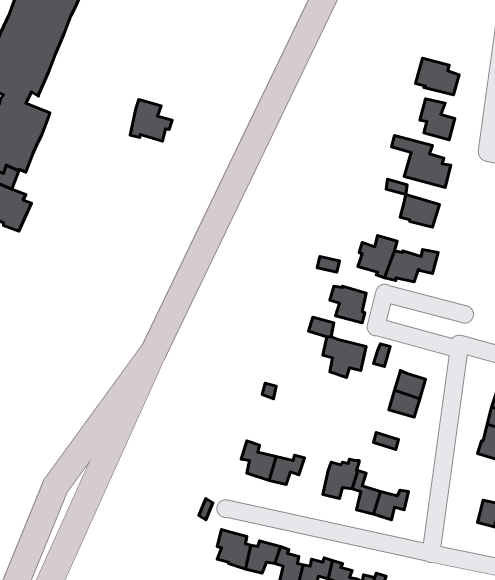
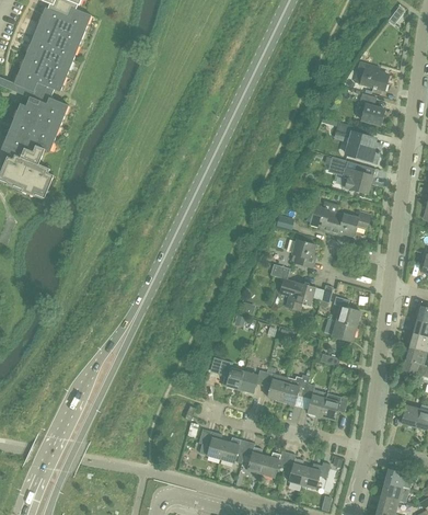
building: [130,99,172,141] -> none
building: none -> [262,366,285,401]

